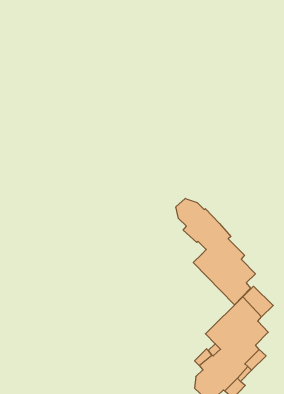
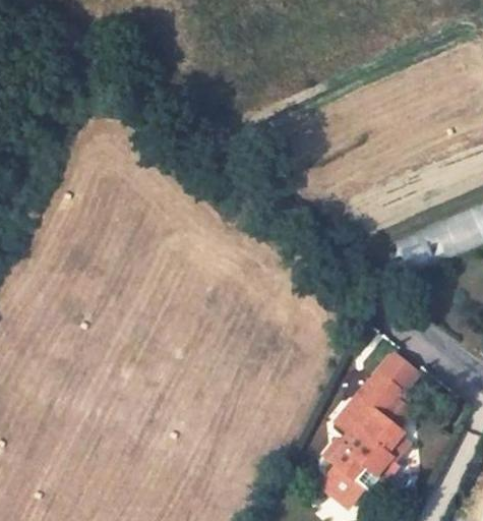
building: [176,198,255,305] -> none

